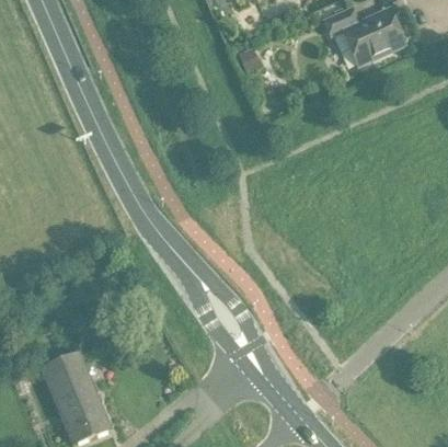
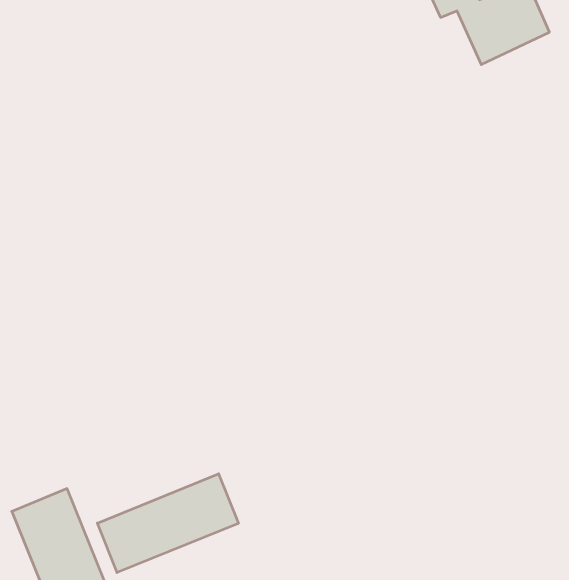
building: none -> [97,474,238,573]

